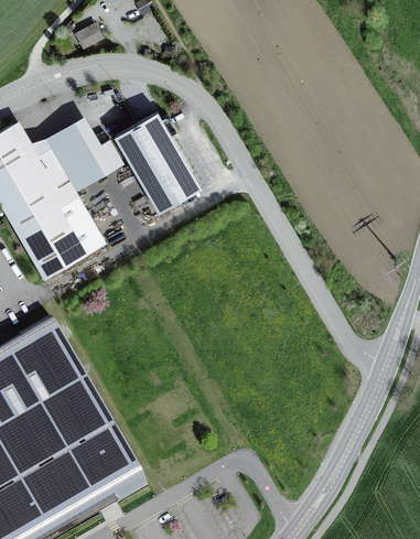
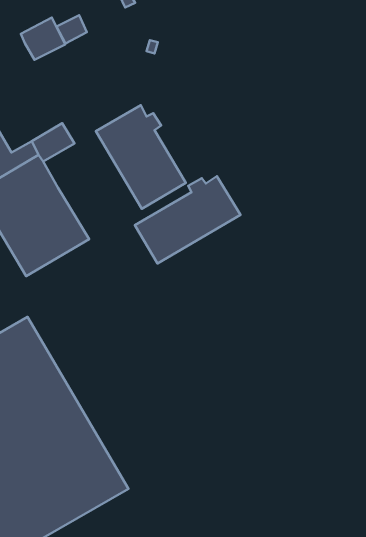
building: none -> [21,17,65,60]
building: [61,139,123,192] -> none
building: none -> [135,176,240,264]

